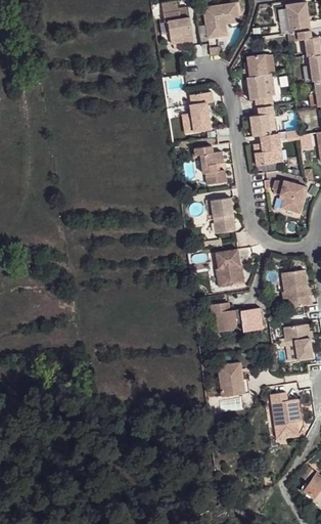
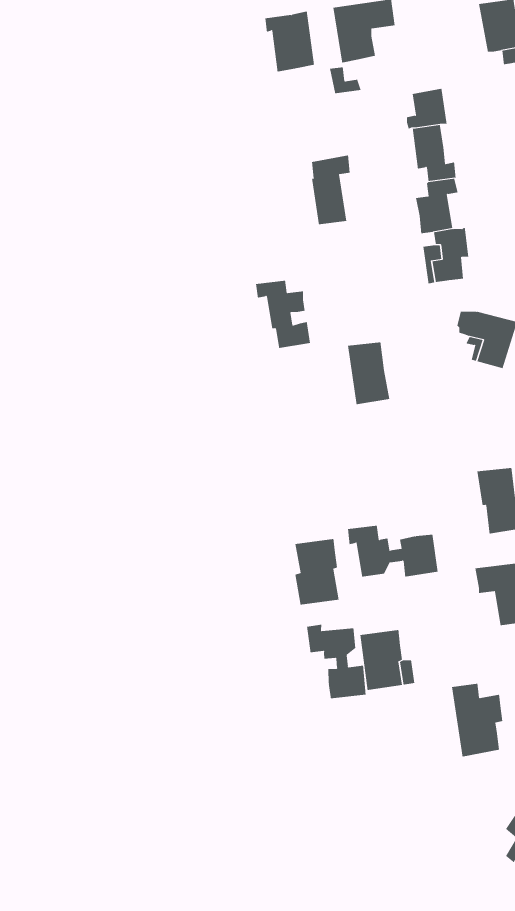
building: [194,145,226,184] -> [255,280,311,349]
building: [216,249,241,287] -> [295,539,339,605]
building: none -> [307,624,366,699]

